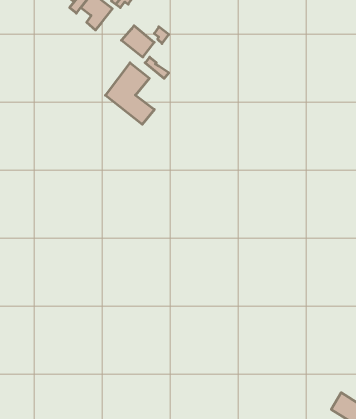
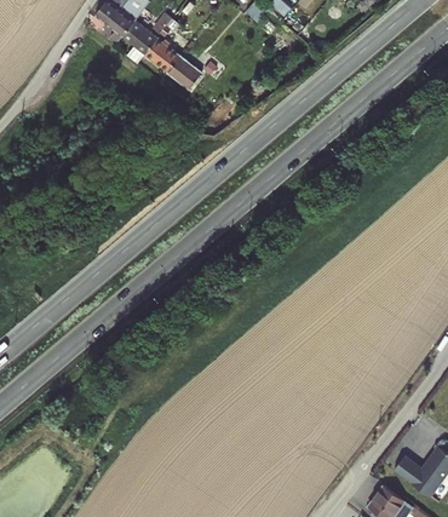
building: none -> [147,40,182,74]
building: [105,63,154,124] -> none

